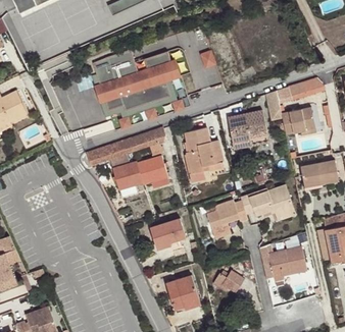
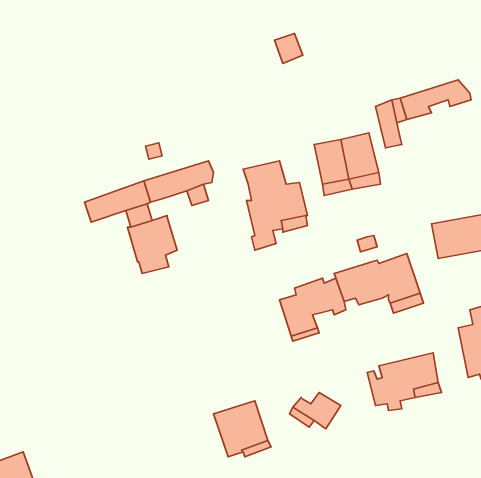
building: [91,49,181,117] -> none
building: [281,107,315,134] -> none
building: [137,155,166,184] -> none
building: [150,218,185,246] -> none

